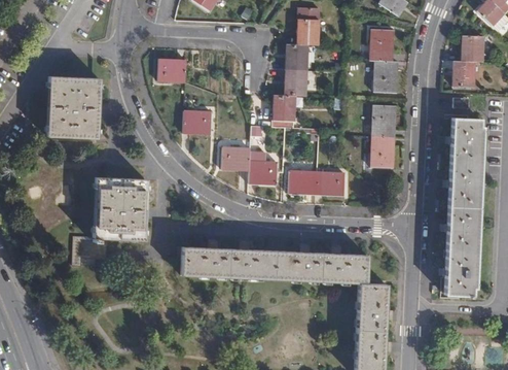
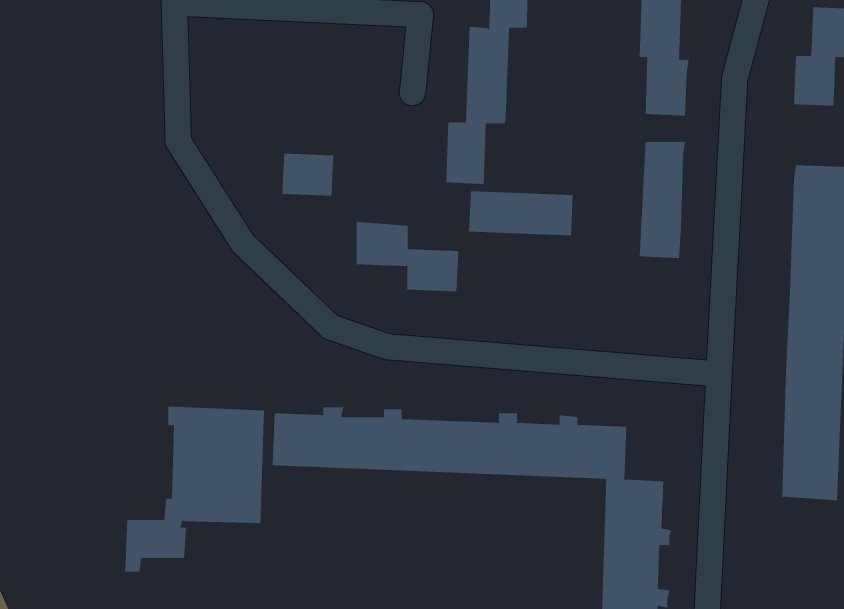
building: [159,59,186,81] -> none
building: [43,73,96,135] -> none
building: [289,170,344,194] -> [468,191,574,236]
building: [70,174,144,262] -> [124,406,265,572]

